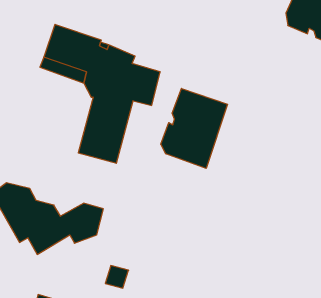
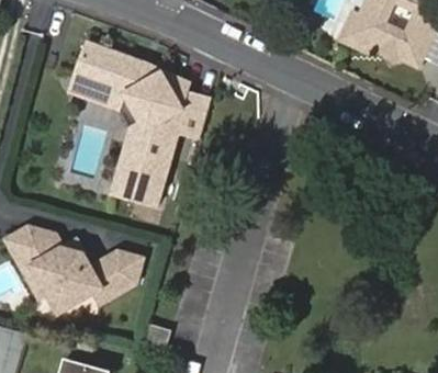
building: [161,88,227,168] -> none

